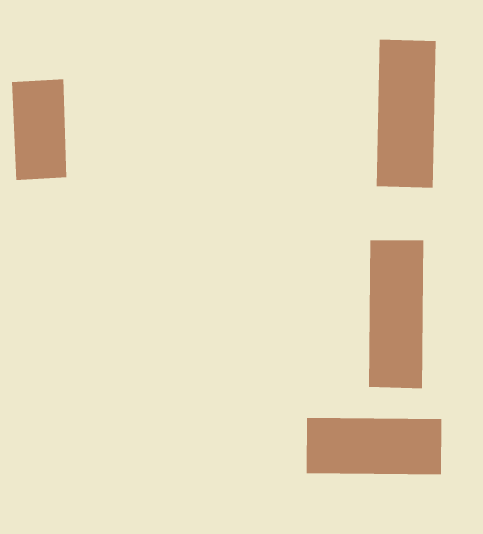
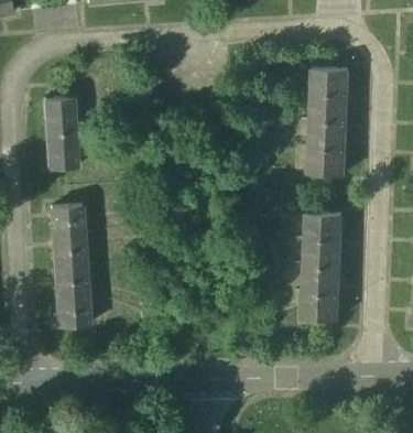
building: none -> [50,208,90,328]
building: [306,417,442,475] -> none

